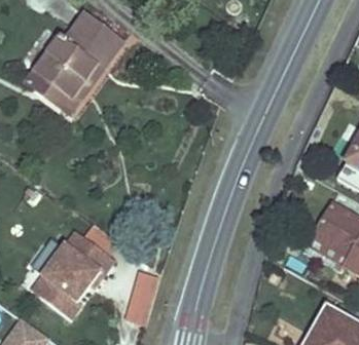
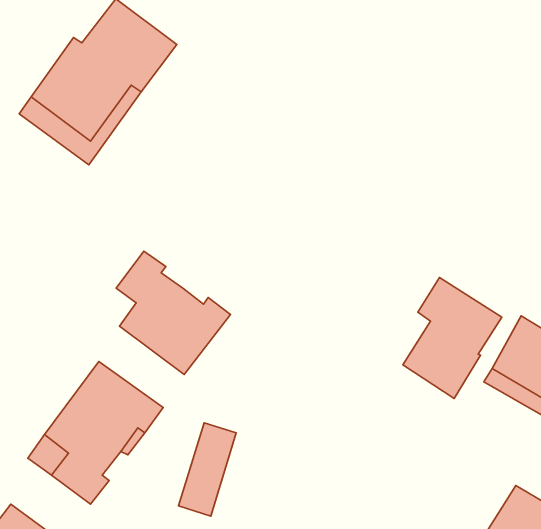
building: none -> [116,251,230,374]
building: none -> [403,277,502,398]

